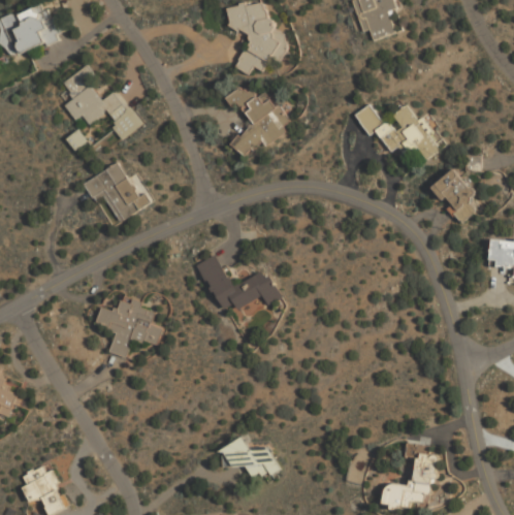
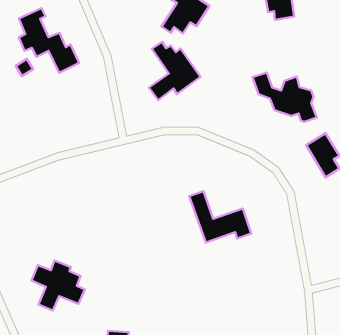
building: [82,162,150,221] -> none
building: [198,256,280,318] -> [189,191,251,243]
building: [95,297,161,358] -> [31,261,85,311]

